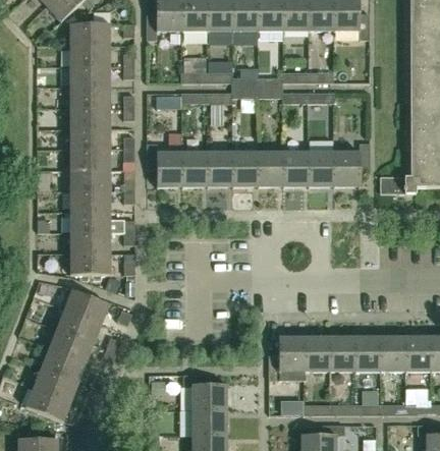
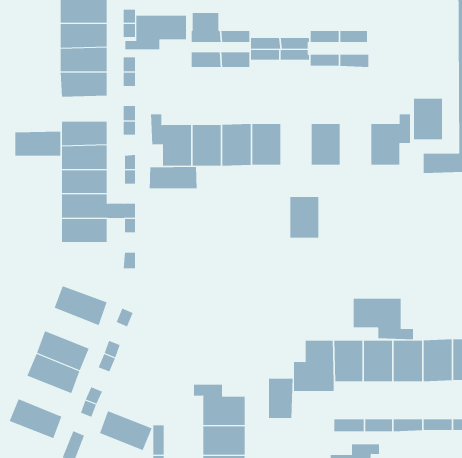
building: none -> [125,15,187,50]
building: [70,127,110,149] -> [15,131,61,156]
building: [259,151,284,186] -> [290,196,319,238]
building: [310,151,335,186] -> [413,98,443,140]
building: none -> [149,166,197,189]
building: [70,252,110,274] -> none
building: none -> [353,298,413,340]
building: [56,308,103,343] -> none
building: [34,367,79,401] -> [99,410,153,451]
building: none -> [269,378,293,419]

